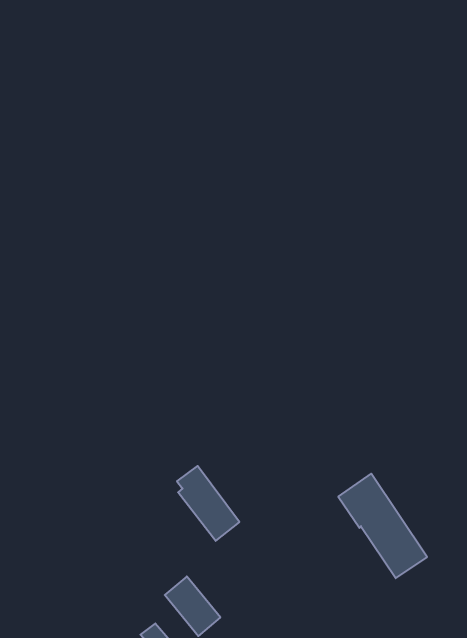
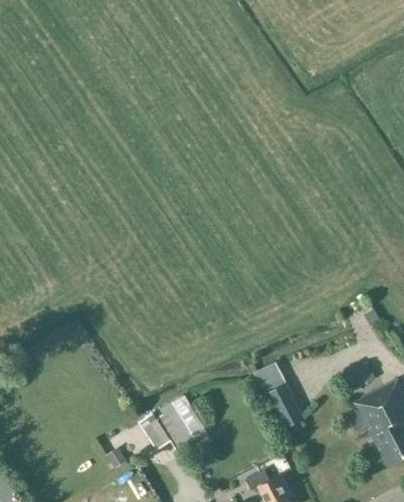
building: [177,466,239,541] -> [158,401,194,449]

